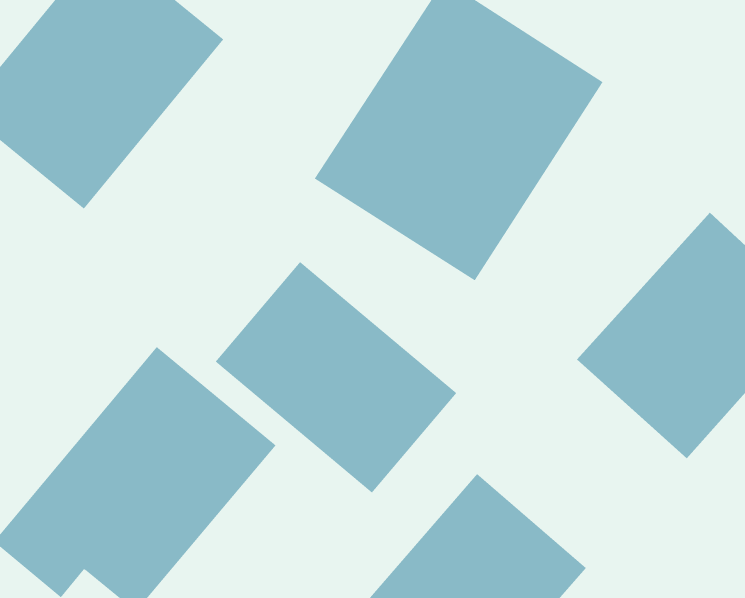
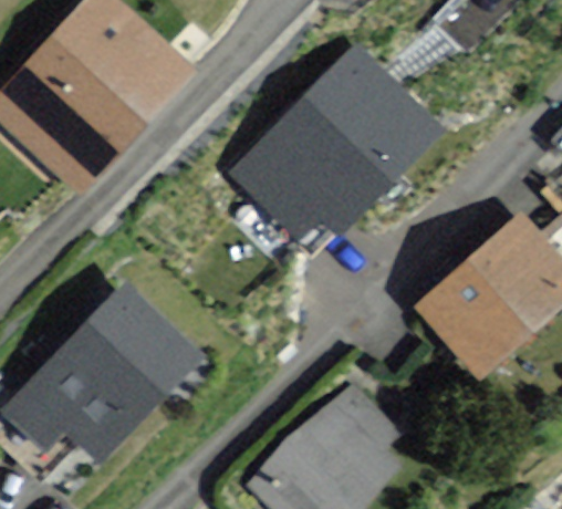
building: [215,261,457,493] -> none

